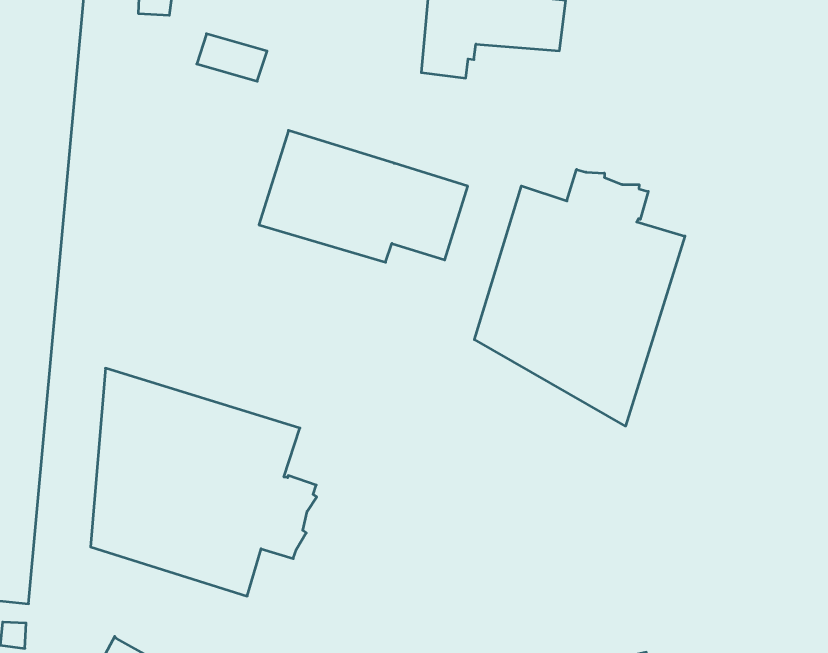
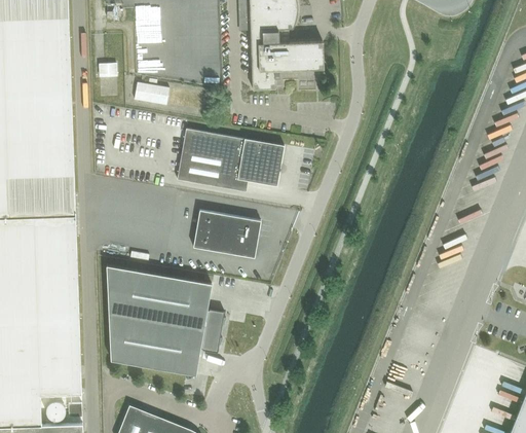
building: [474,169,685,426] -> none
building: none -> [193,210,261,258]

